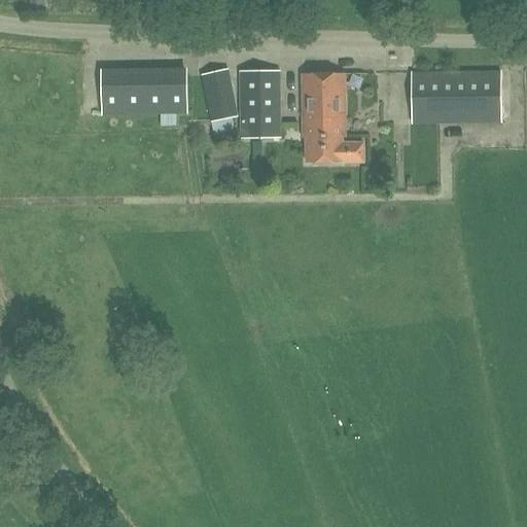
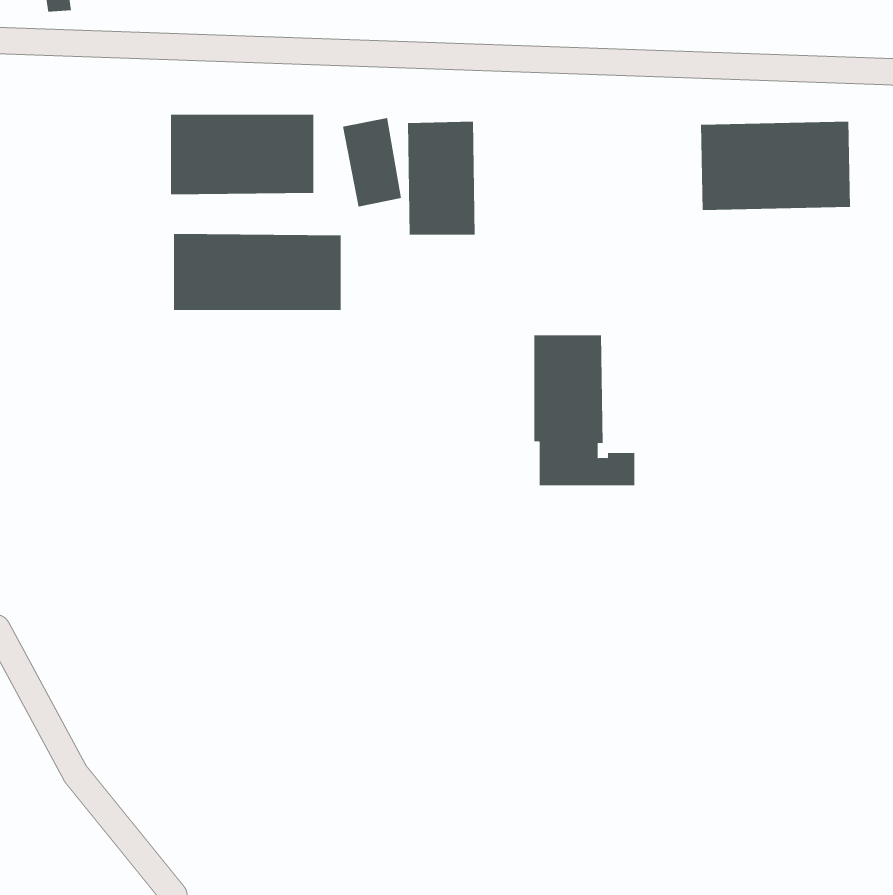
building: [303,74,362,163] -> [533,335,635,486]
building: none -> [174,233,341,311]

